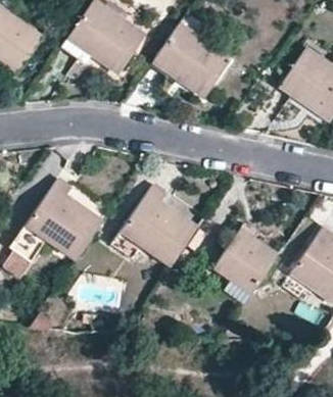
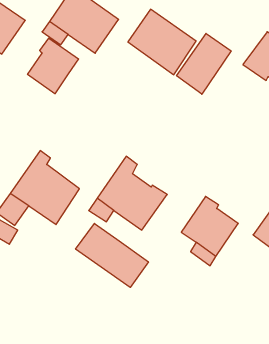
building: none -> [177,33,231,94]
building: none -> [28,38,79,94]
building: none -> [76,223,148,287]

